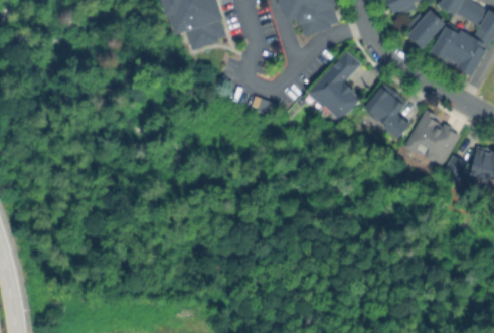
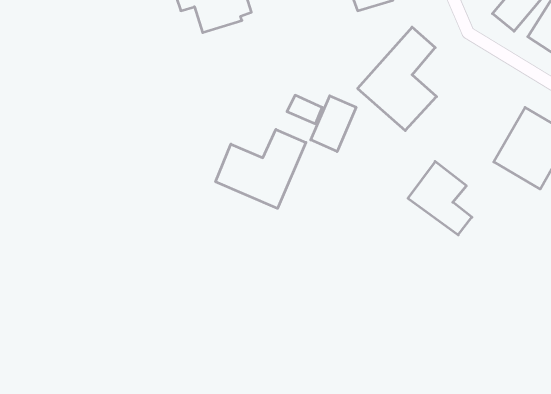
building: [364,81,411,136] -> [408,161,472,235]
building: none -> [311,96,356,152]
building: none -> [216,129,306,208]

